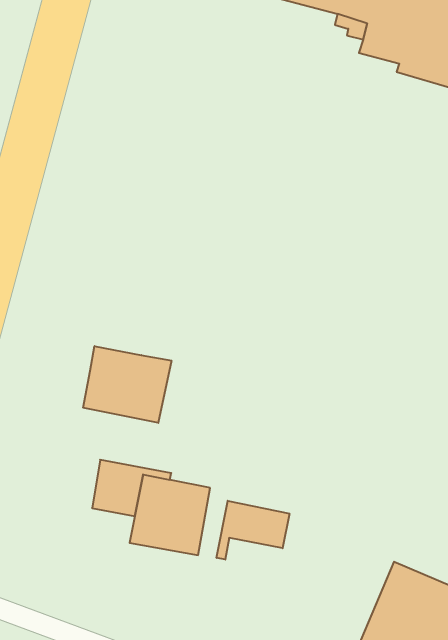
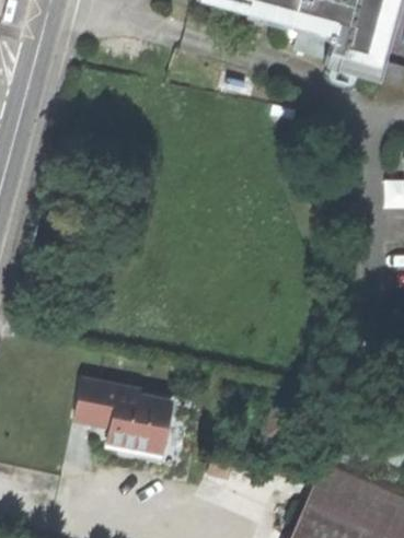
building: [83,346,171,423] -> none
building: [217,501,289,560] -> none

